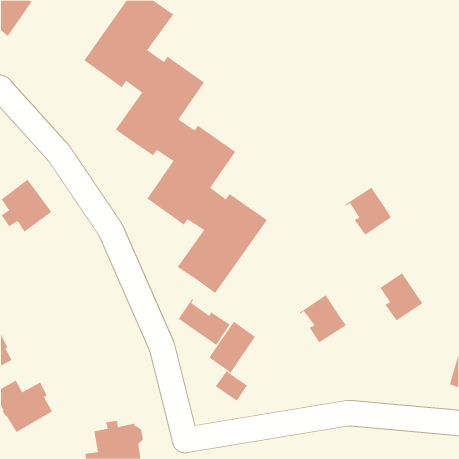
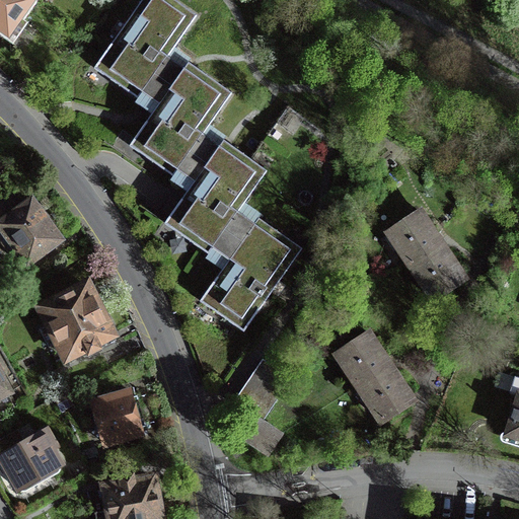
building: none -> [40,286,110,357]
building: [376,273,423,321] -> [412,245,465,300]
building: [178,298,230,346] -> none
building: none -> [360,367,414,422]
building: none -> [94,393,145,443]

